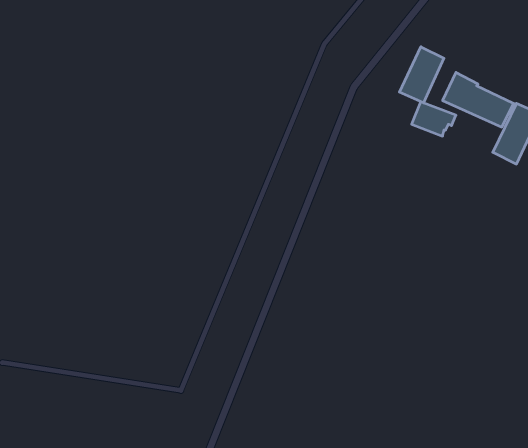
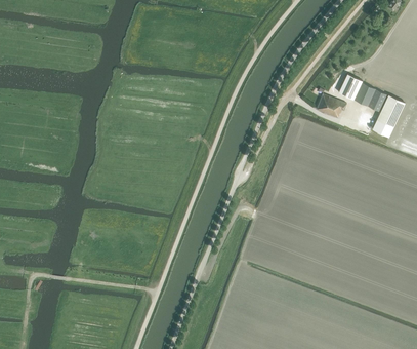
building: [399,47,444,103] -> none

